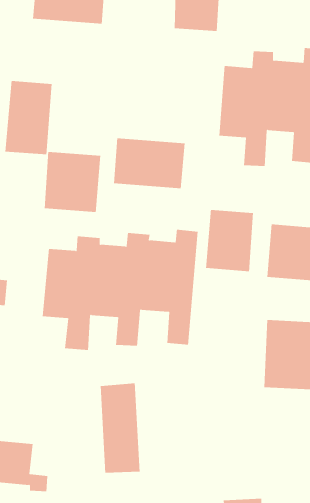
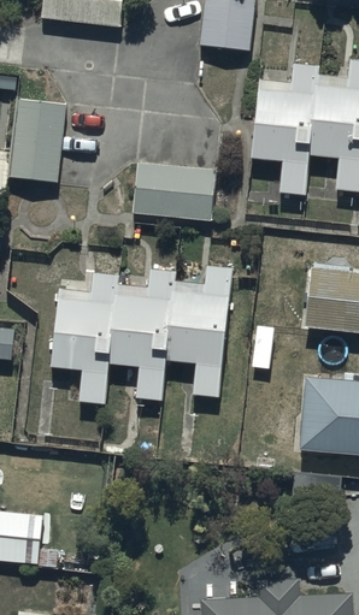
building: [44,151,101,213] -> none
building: [206,209,253,272] -> none
building: [100,383,140,473] -> none

